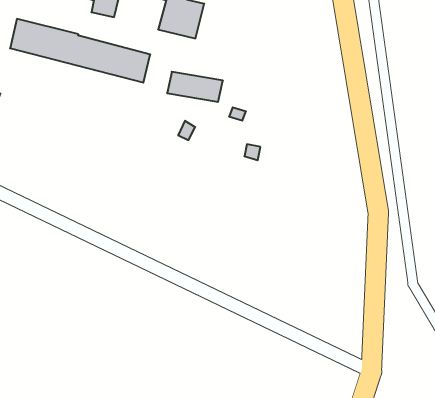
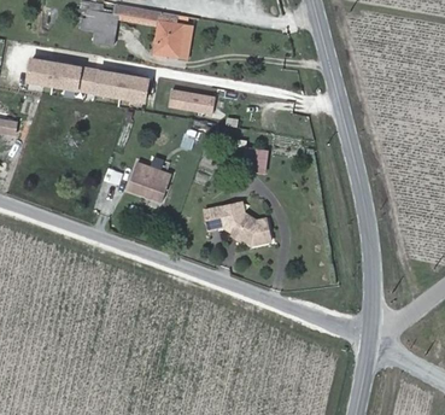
building: none -> [128,163,172,203]
building: none -> [207,204,274,245]

